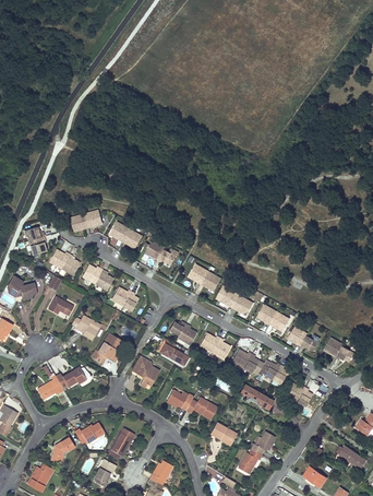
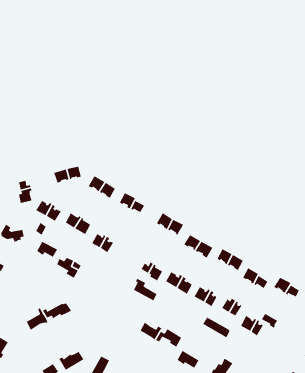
building: [91,333,121,364] -> none
building: [132,356,159,389] -> none

